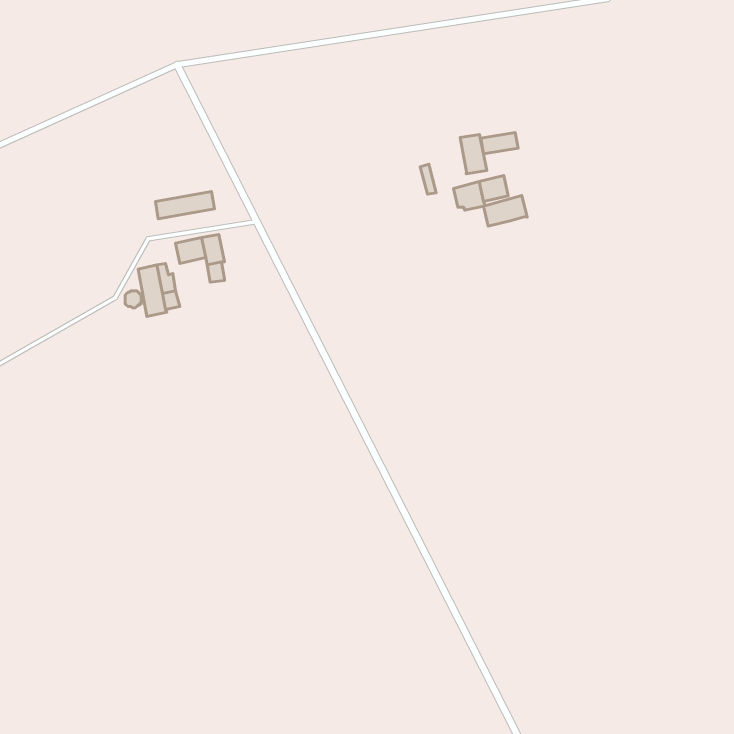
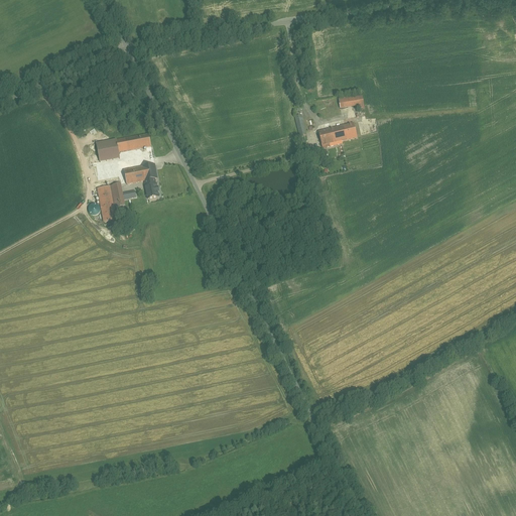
building: [460,135,487,174] -> none
building: [484,196,527,226] -> none

